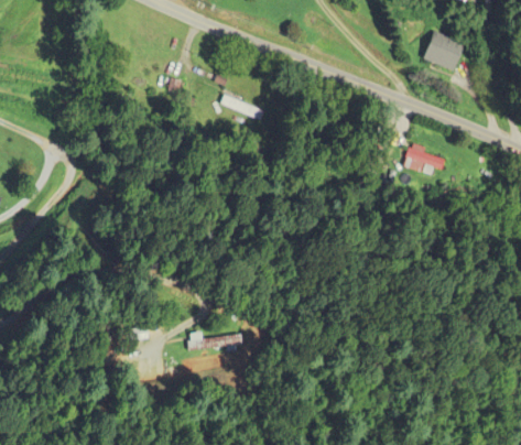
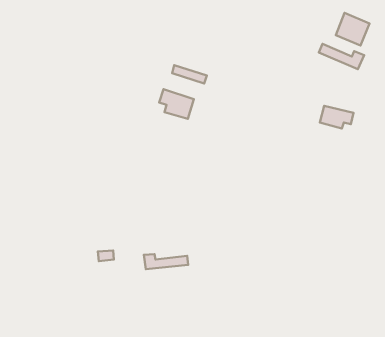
building: none -> [319,44,364,69]
building: none -> [159,89,194,119]

